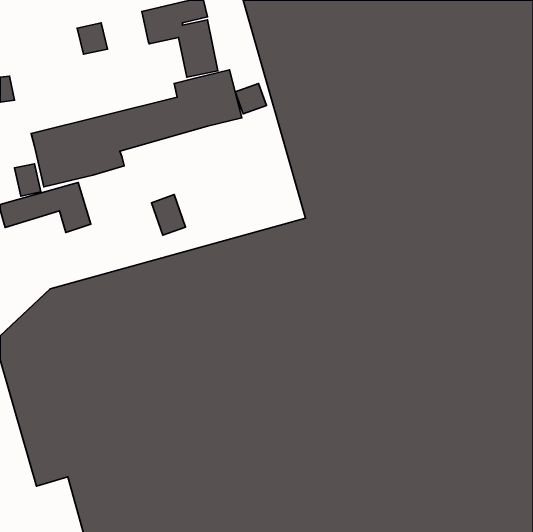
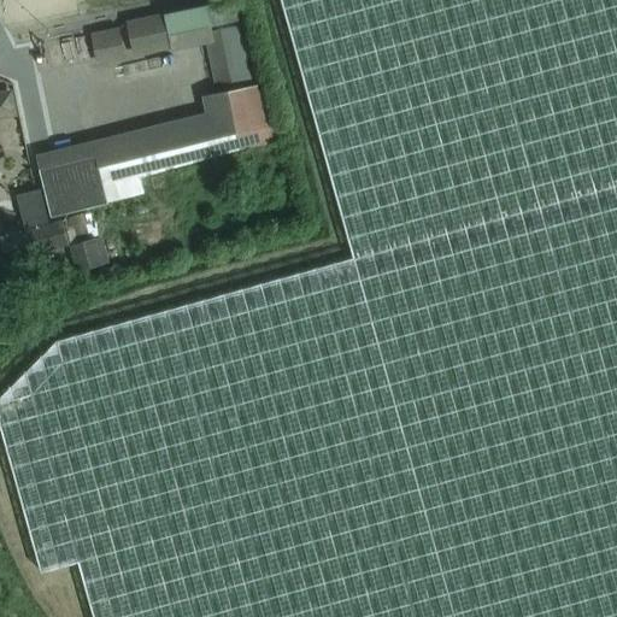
building: none -> [127,14,171,58]
building: [235,84,267,114] -> none
building: [151,195,185,235] -> none

